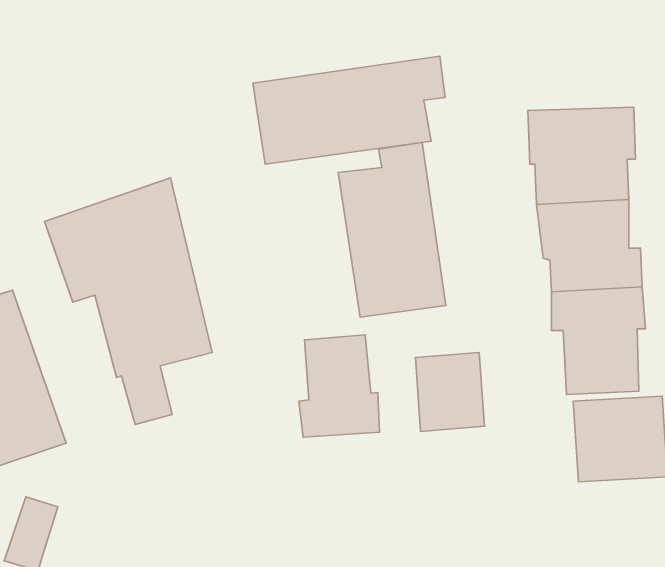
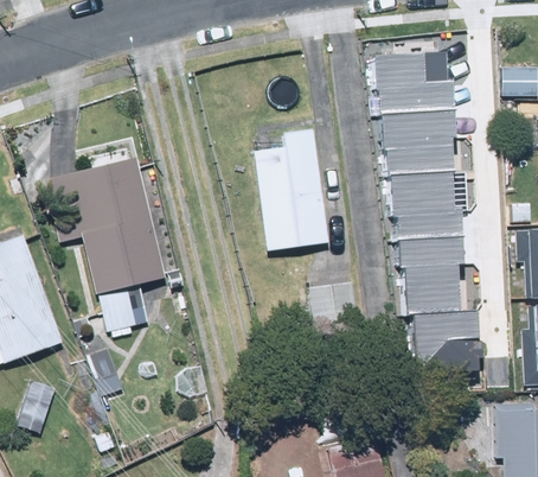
building: none -> [378,45,460,108]
building: [253,56,445,164] -> none
building: [299,335,380,437] -> none

